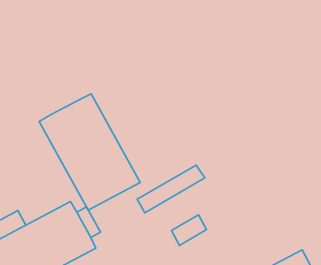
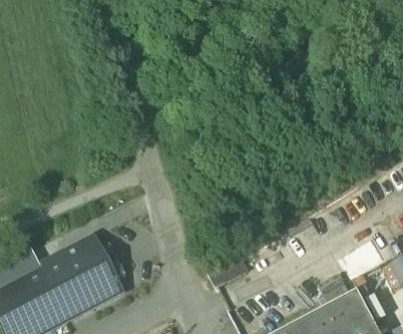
building: [39,94,140,210] -> none
building: [137,165,205,213] -> none

